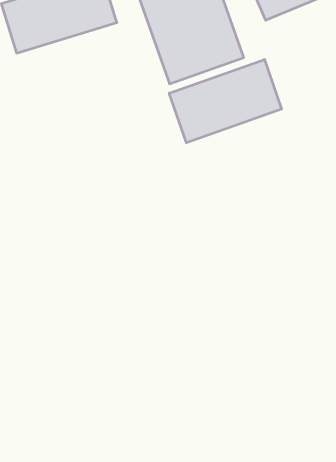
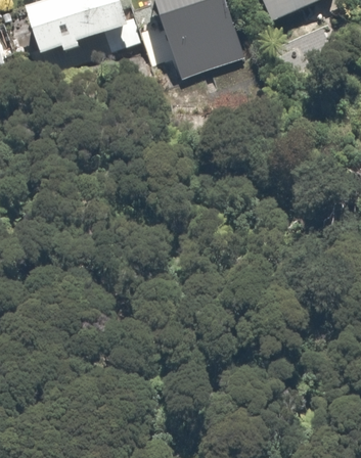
building: [169,59,282,143] -> none

